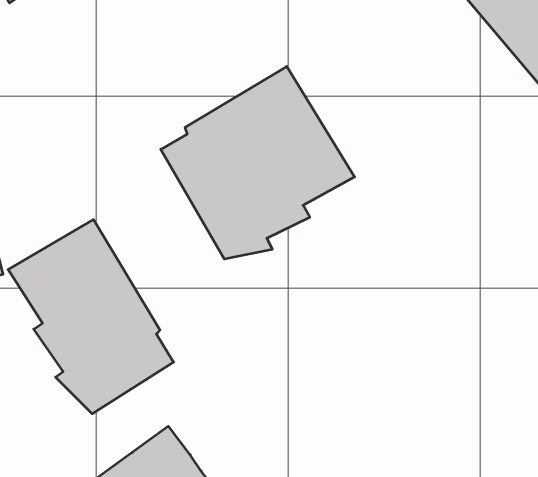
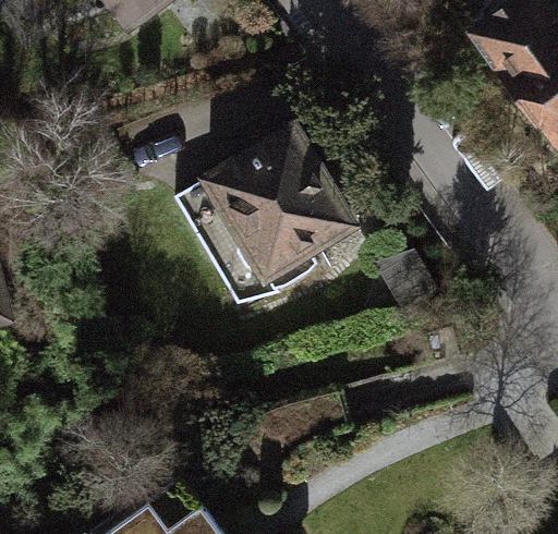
building: [8,220,174,414] -> none

